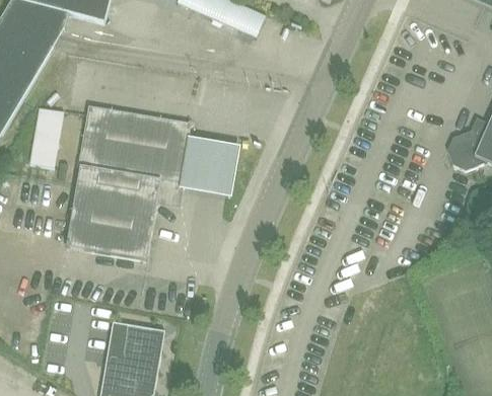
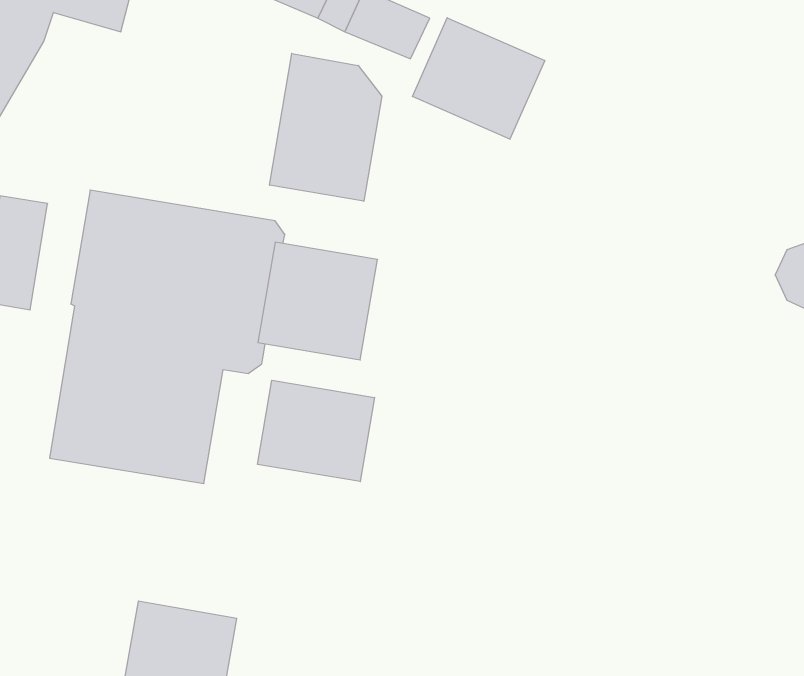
building: none -> [413,18,545,139]
building: none -> [270,53,382,201]
building: none -> [258,380,375,482]

